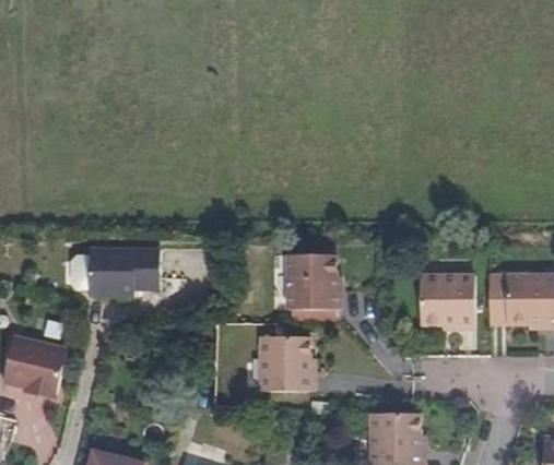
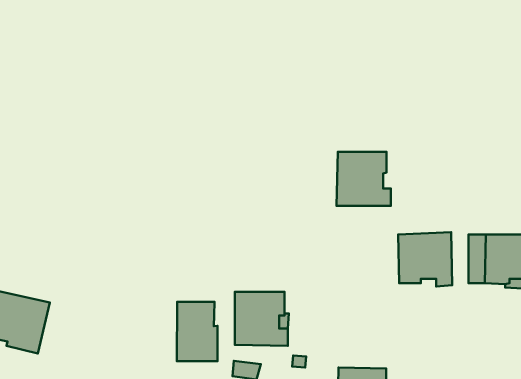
building: [87,249,160,298] -> none
building: [281,254,335,309] -> [337,152,391,206]
building: none -> [177,302,218,361]

